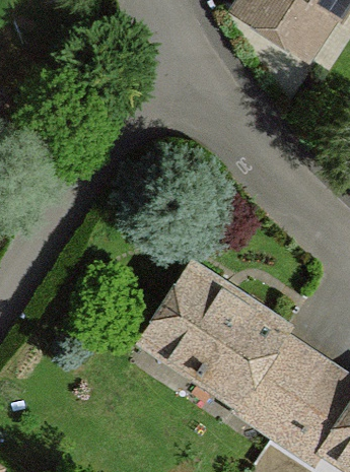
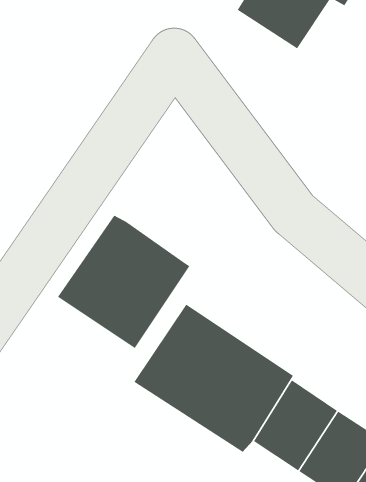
building: none -> [57,215,190,349]

